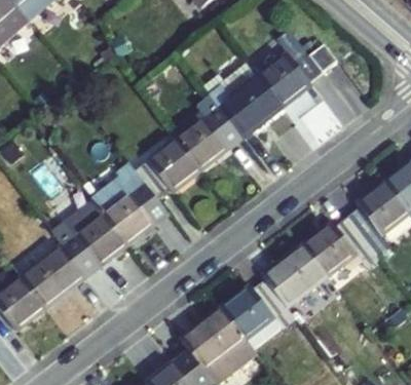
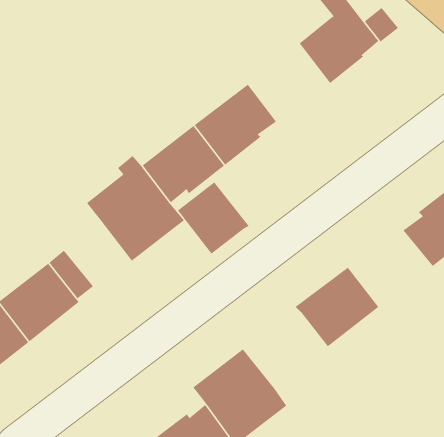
building: [211,71,285,134] -> none
building: none -> [177,182,249,255]
building: [74,211,127,265] -> none
building: [299,219,366,279] -> none
building: [216,283,291,354] -> none

